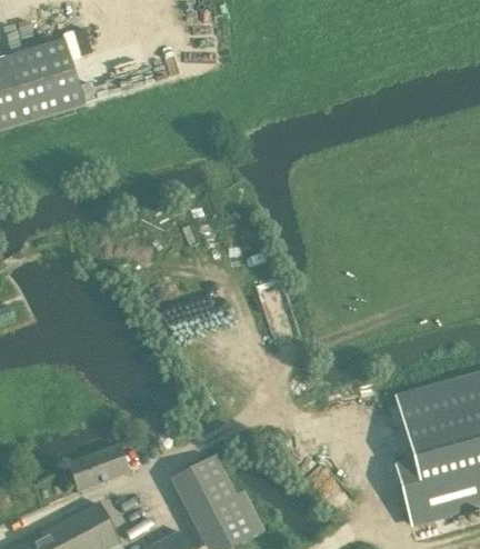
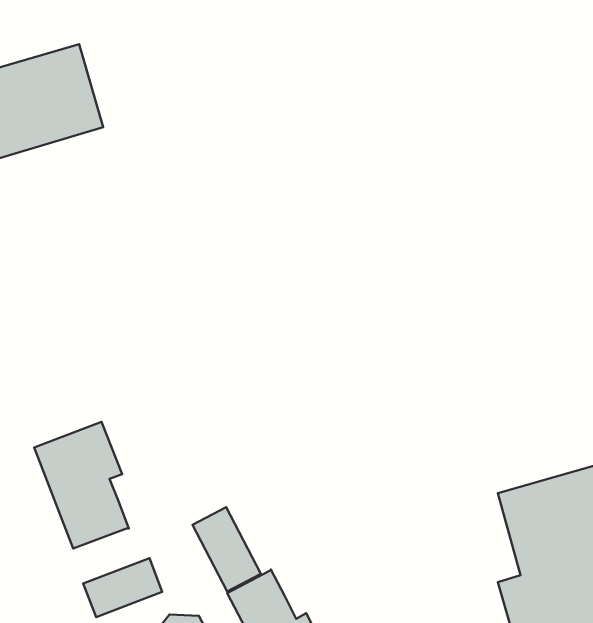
building: none -> [34,422,129,549]
building: none -> [192,507,261,592]

